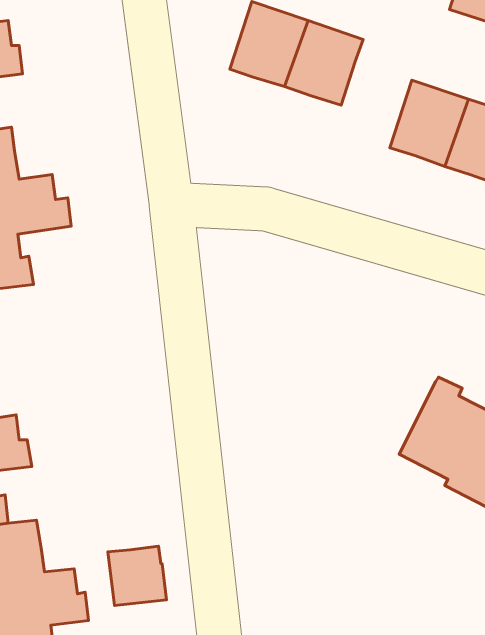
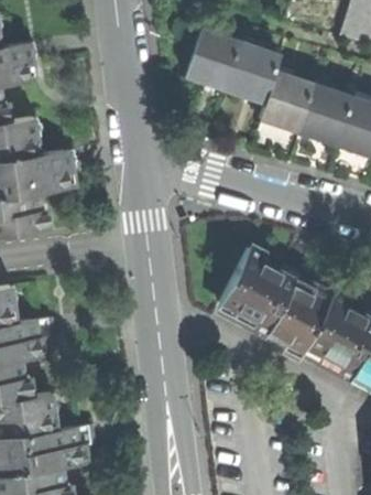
building: none -> [259,71,314,131]
building: none -> [219,247,330,351]
building: [108,546,166,605] -> none

